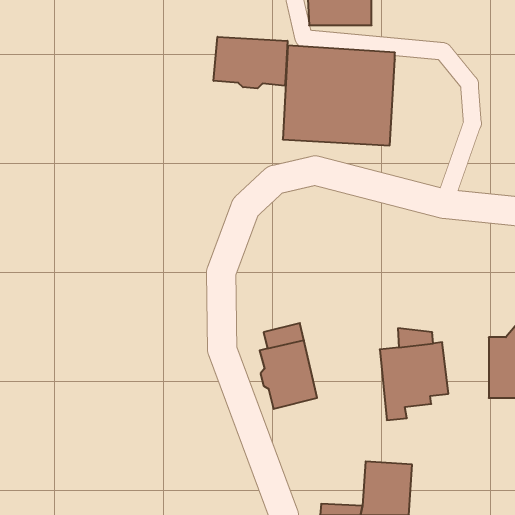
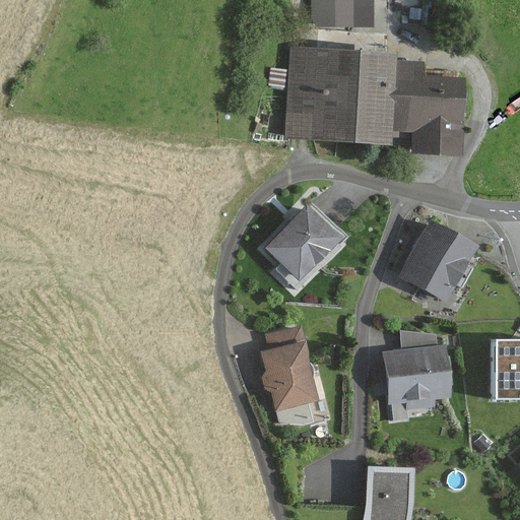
building: [214,37,287,88] -> none
building: none -> [394,60,464,154]
building: none -> [265,203,342,280]
building: none -> [400,219,479,303]

